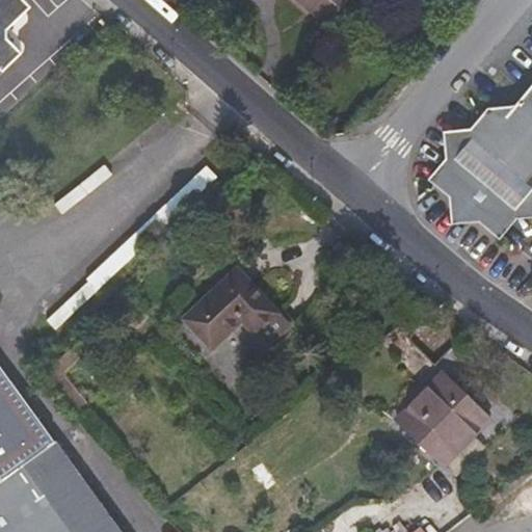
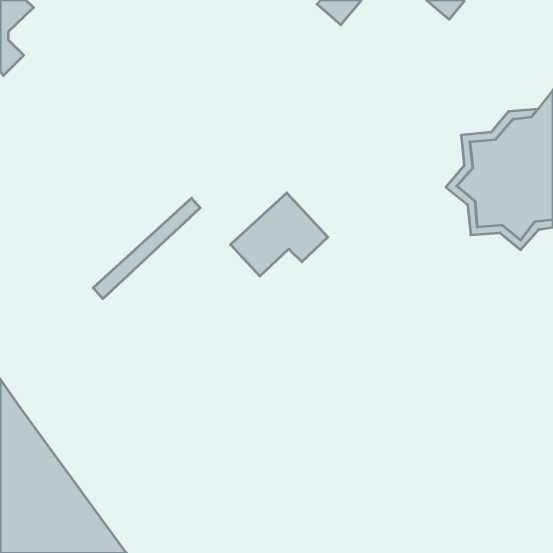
building: [185,269,278,349] -> [230,193,328,276]
building: [398,373,489,466] -> none

